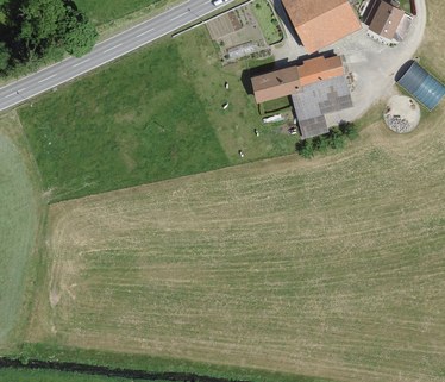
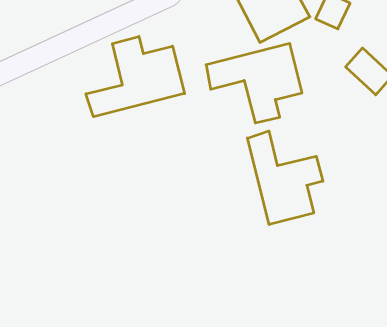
building: none -> [86,36,185,117]
building: none -> [247,131,323,225]

